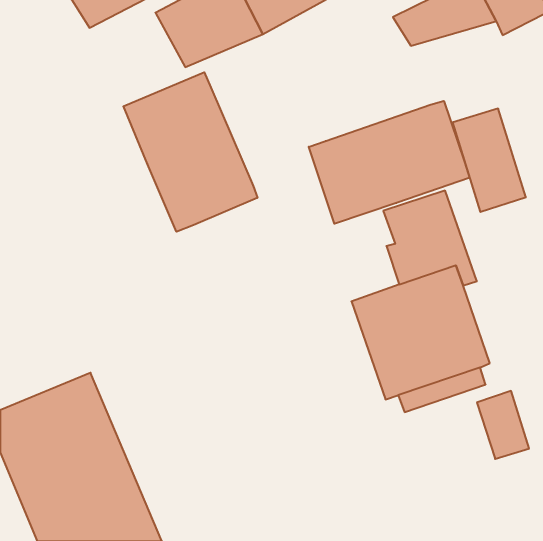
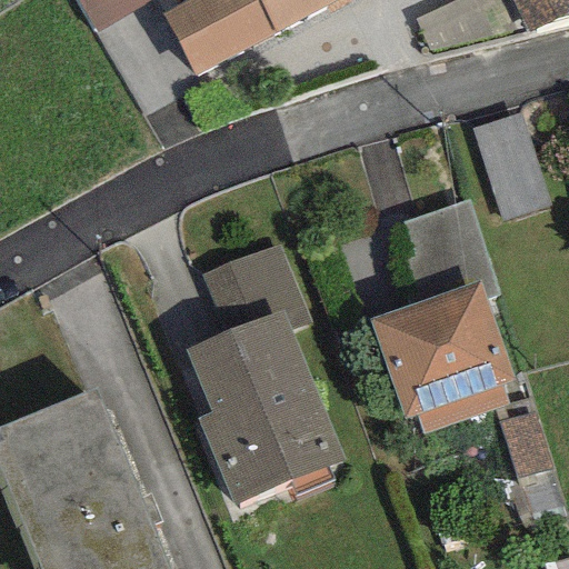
building: [123,72,257,232] -> none
building: [309,101,469,224] -> none
building: none -> [184,243,345,505]

